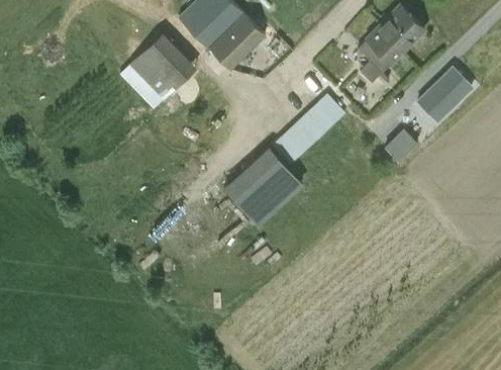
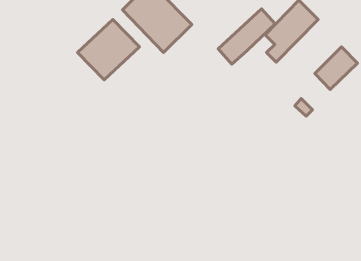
building: [272,95,343,165] -> [218,9,275,64]
building: [223,149,300,225] -> none

